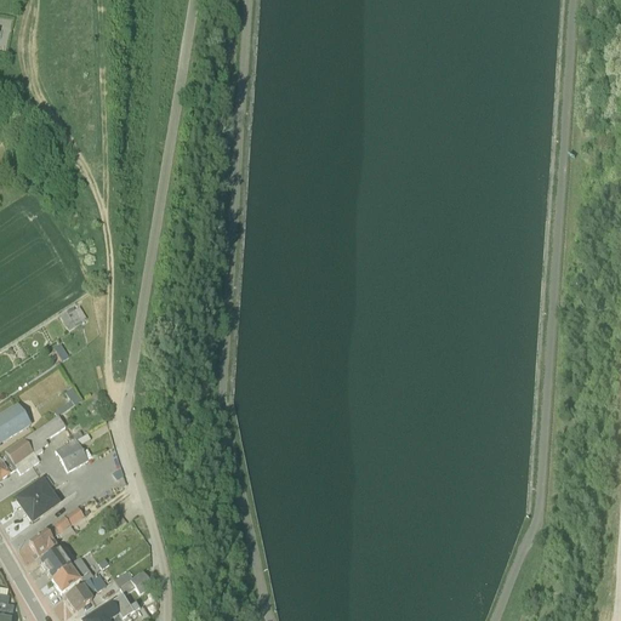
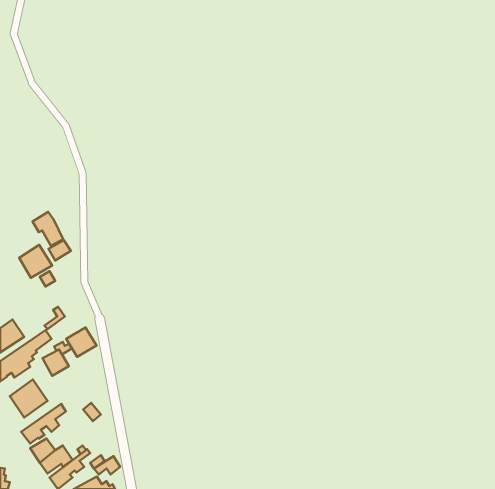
building: none -> [33,212,63,246]
building: none -> [19,245,52,278]
building: none -> [66,327,96,357]

